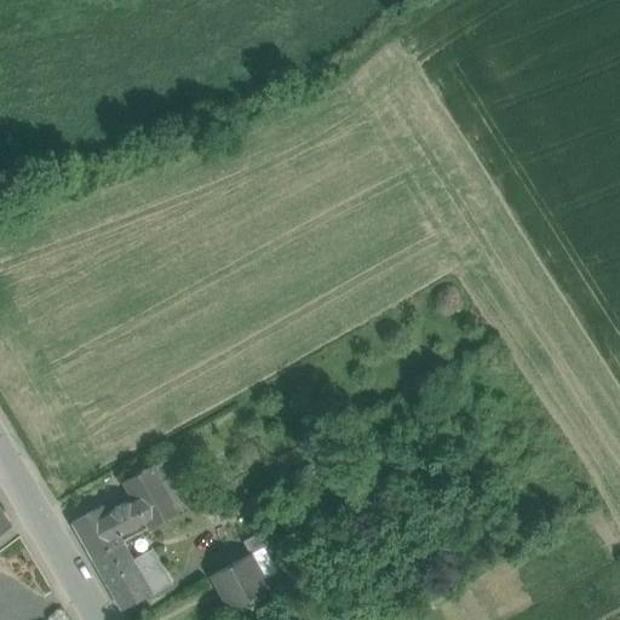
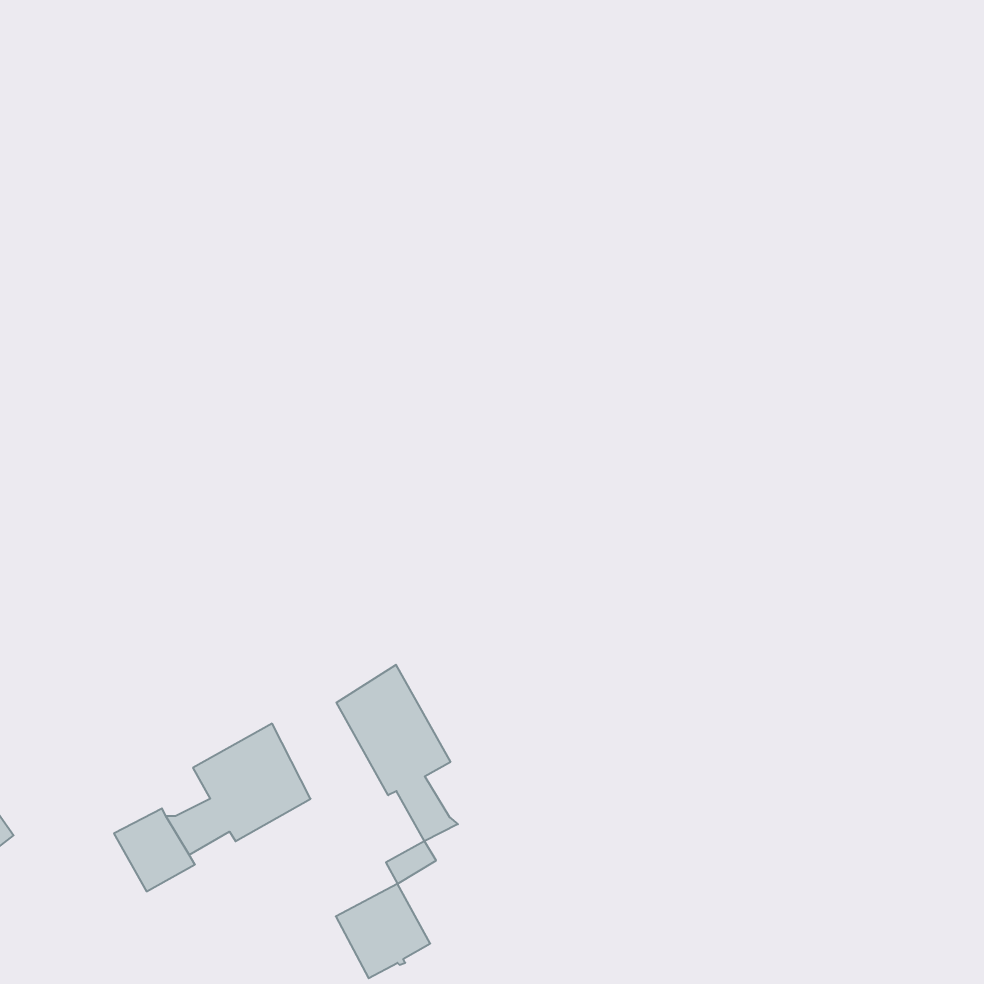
building: none -> [336,665,458,841]
building: [91,544,170,612] -> none

